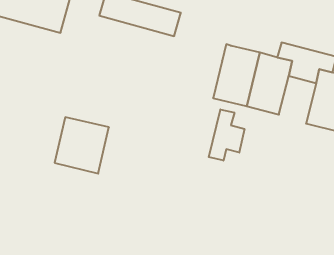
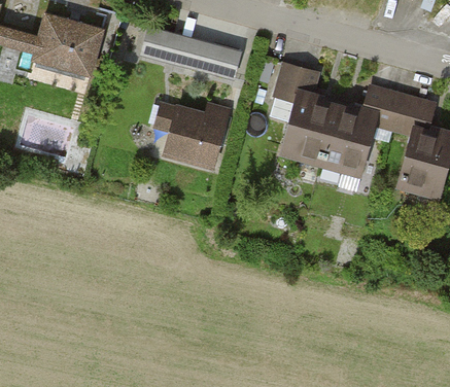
building: none -> [269,65,309,110]
building: [209,109,244,161] -> none
building: [55,117,109,174] -> [161,98,229,168]

